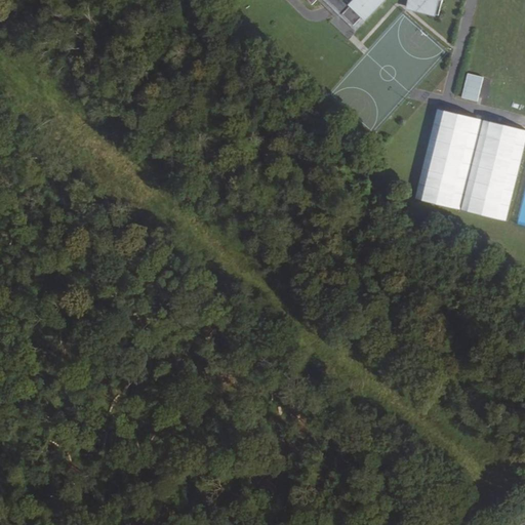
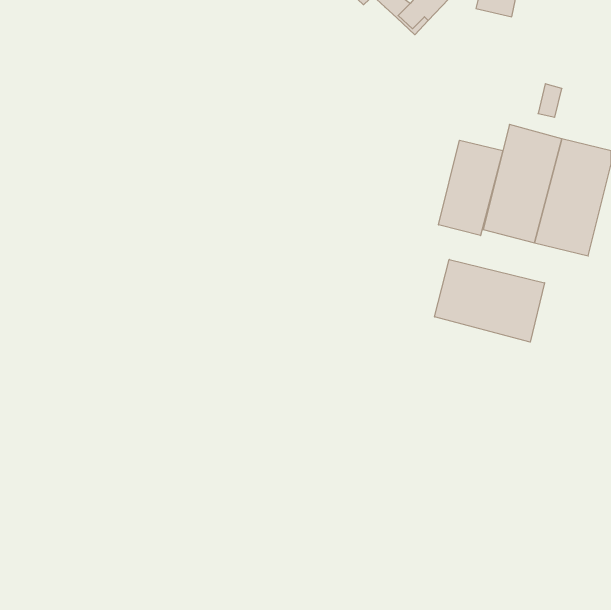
building: none -> [439,140,503,236]
building: none -> [435,259,545,342]

